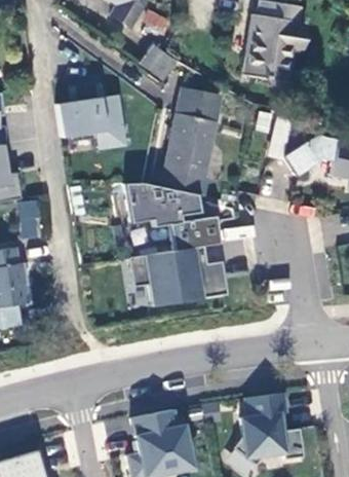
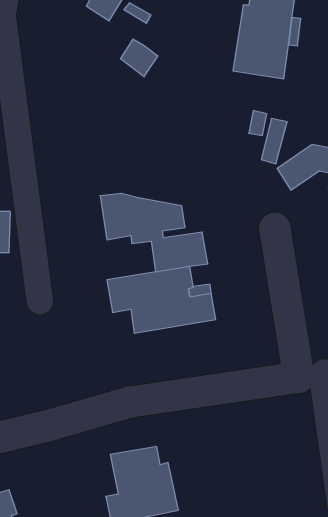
building: [157,85,221,196] -> none
building: [54,99,123,152] -> none
building: [235,397,305,469] -> none

